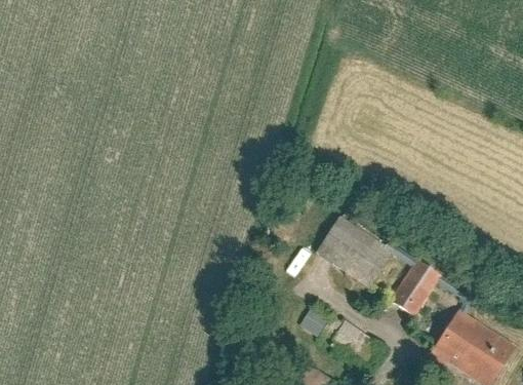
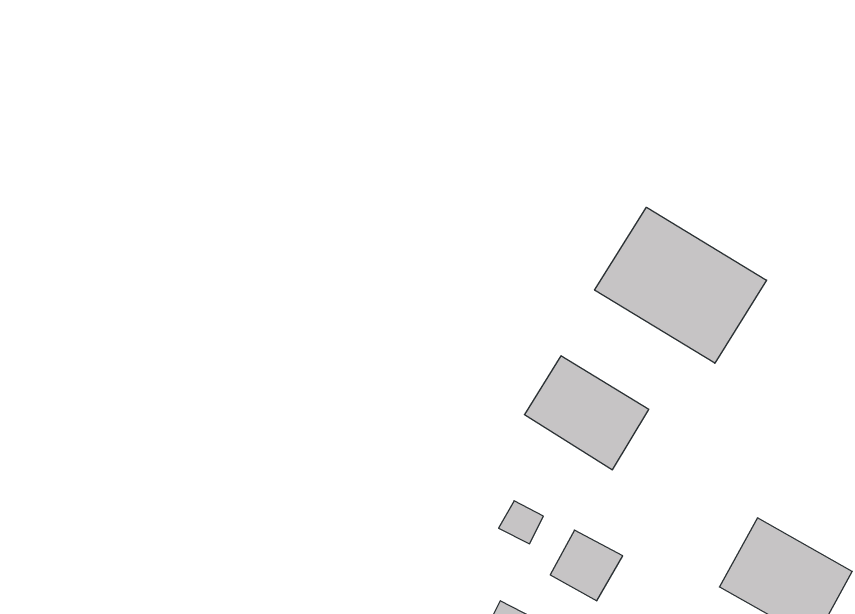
building: none -> [595,207,767,363]
building: [393,260,440,314] -> none

